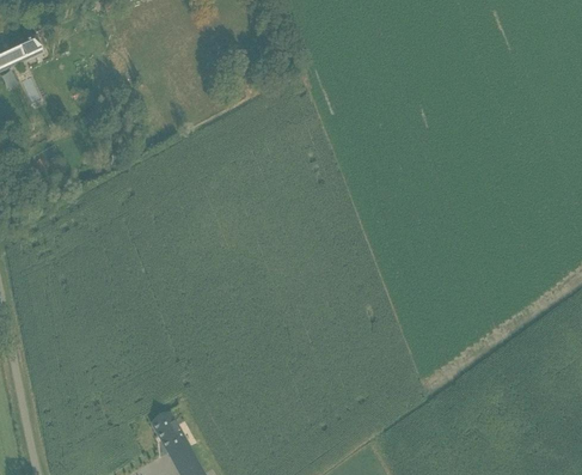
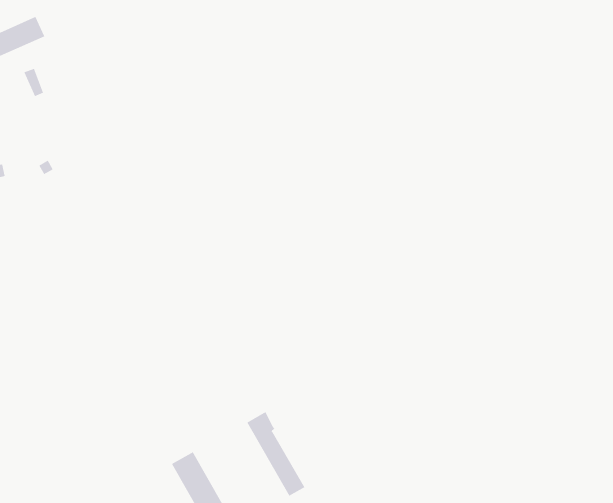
building: none -> [247,411,305,496]

